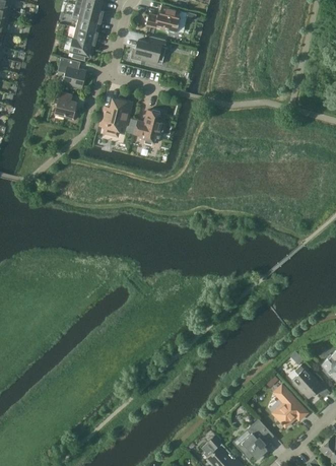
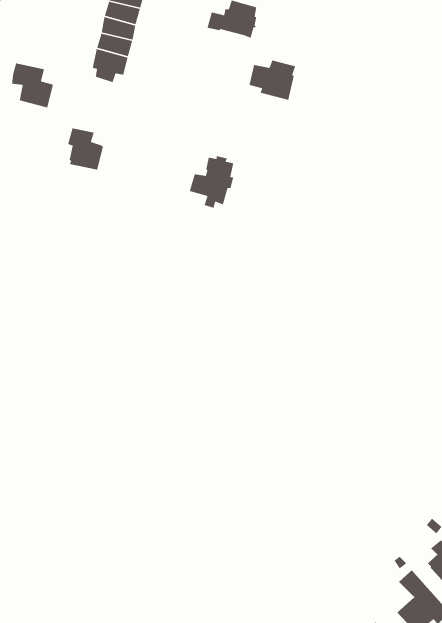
building: [135,37,166,64] -> [249,60,296,101]
building: [58,57,86,87] -> [11,63,54,108]
building: [102,99,131,132] -> none

